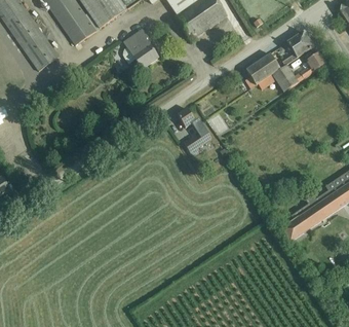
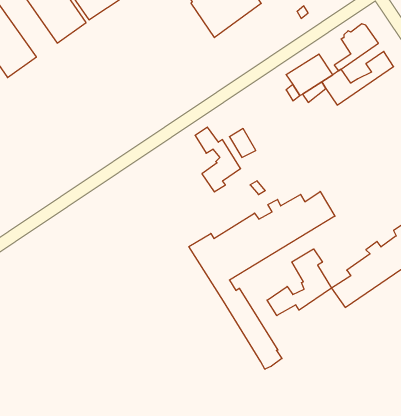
building: [122,28,158,67] -> none
building: none -> [189,191,335,369]
building: none -> [267,249,332,316]

